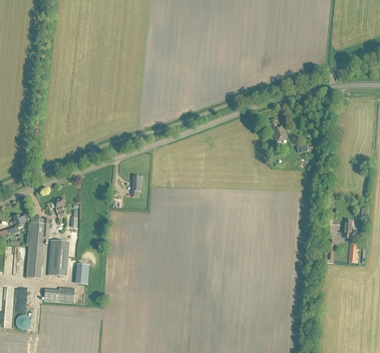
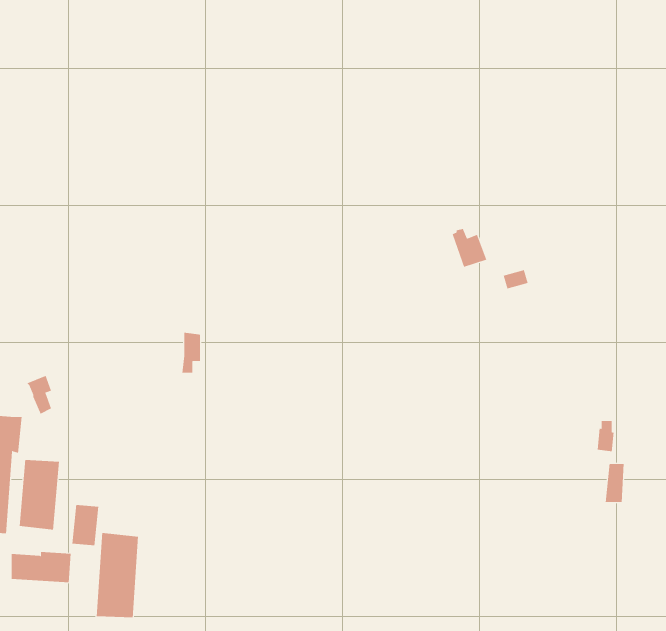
building: none -> [96,532,139,618]

